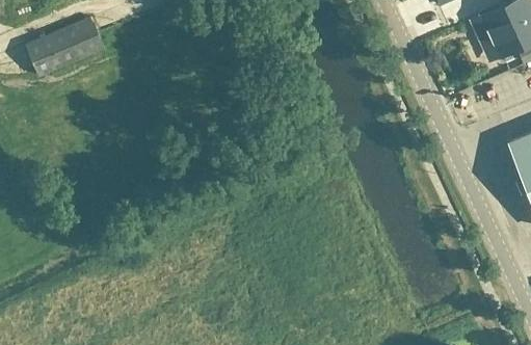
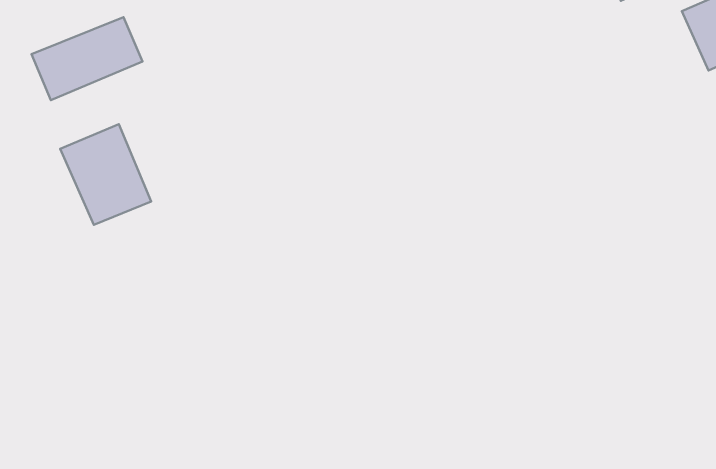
building: none -> [60,124,151,225]

